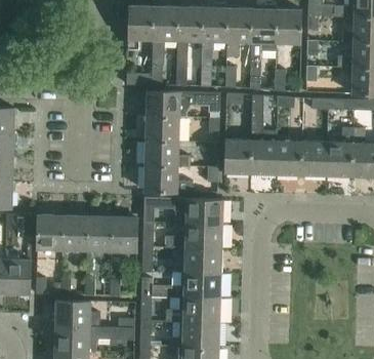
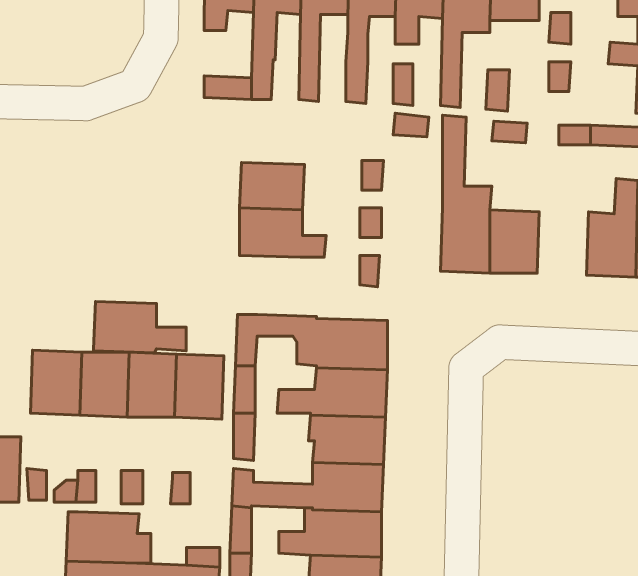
building: [147,92,220,119] -> none
building: [223,141,251,174] -> none
building: [300,144,327,176] -> none
building: [144,166,193,193] -> [94,302,186,353]

